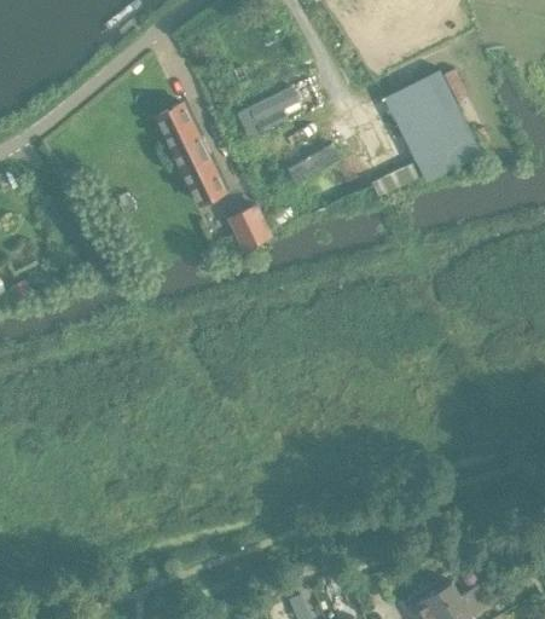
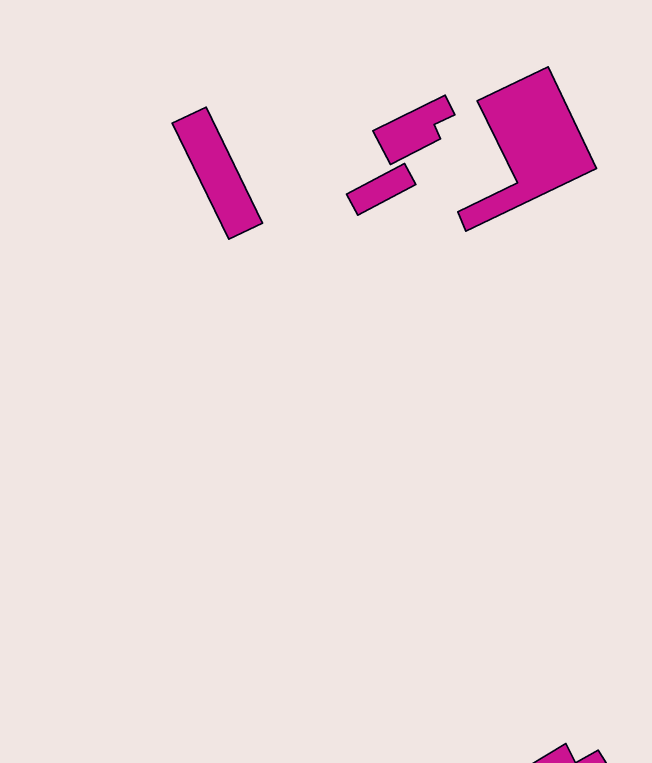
building: [237,88,298,140] -> [373,95,455,165]
building: [230,207,269,247] -> none

